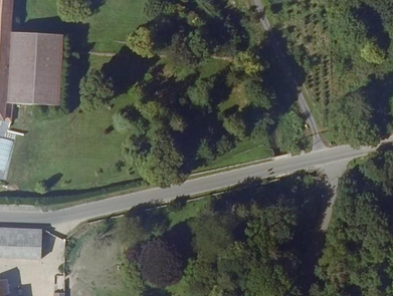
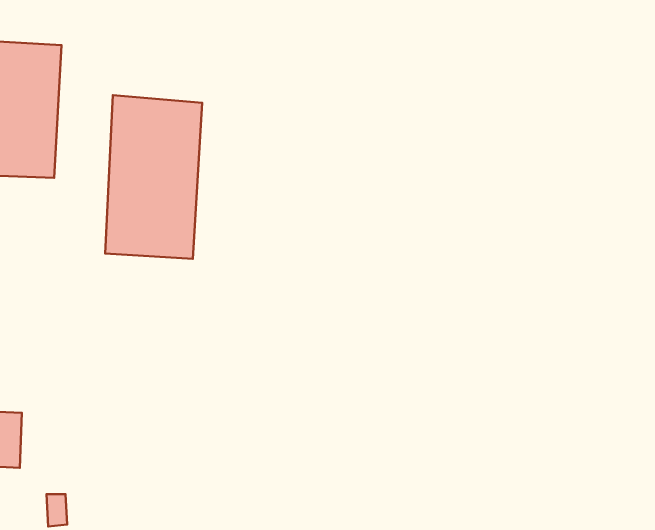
building: none -> [105,95,202,259]

